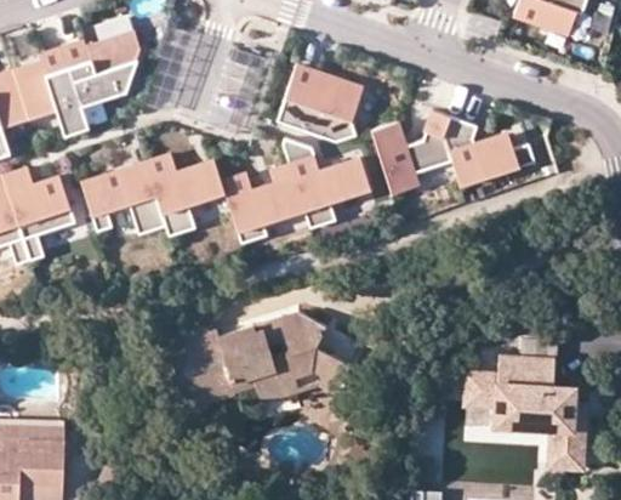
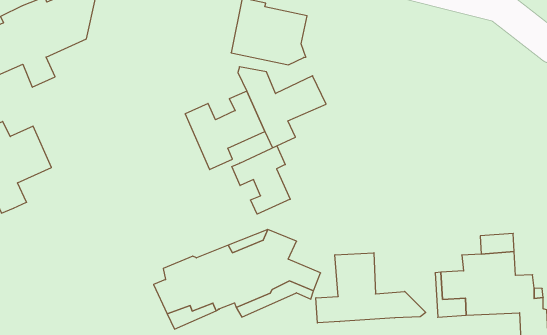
building: [372,109,536,192] -> none
building: [81,154,226,237] -> none
building: none -> [232,146,290,214]
building: none -> [316,253,426,323]

